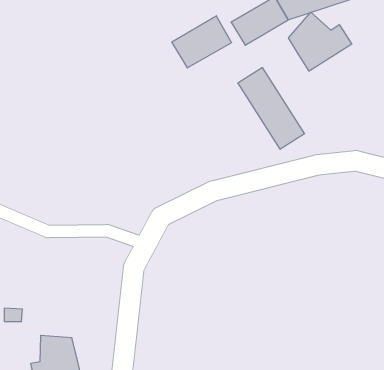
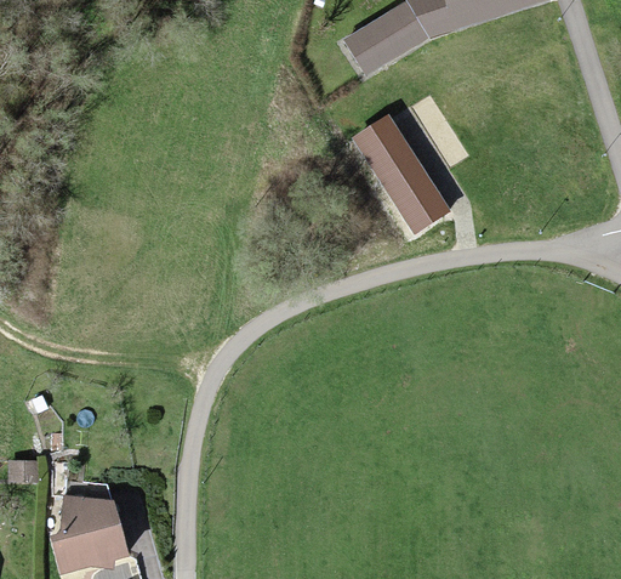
building: [289,12,352,71] -> none
building: [172,16,232,68] -> none

